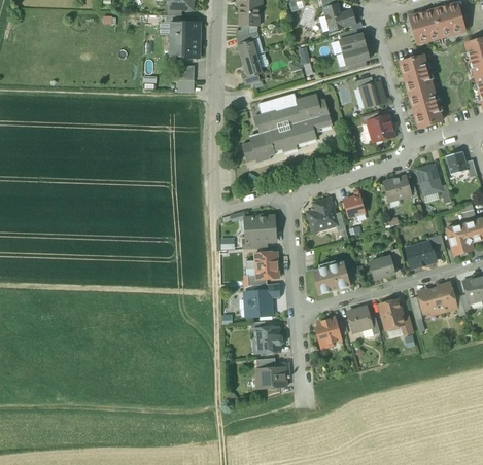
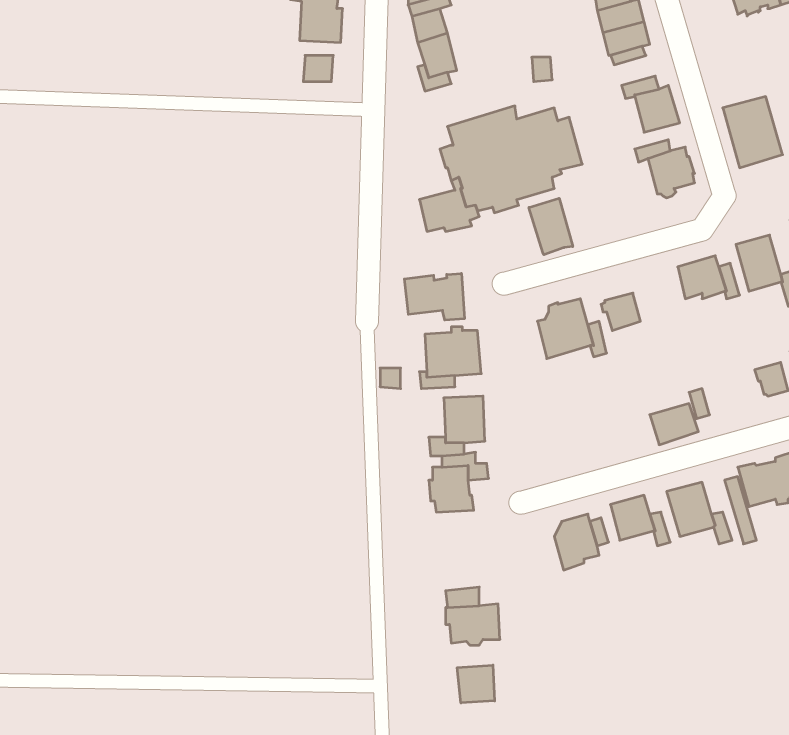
building: [400,55,433,94] -> none
building: none -> [529,198,573,255]
building: none -> [404,273,464,320]
building: [406,244,436,267] -> none
building: [312,261,350,294] -> none
building: [255,326,282,353] -> none
building: none -> [457,665,495,703]

